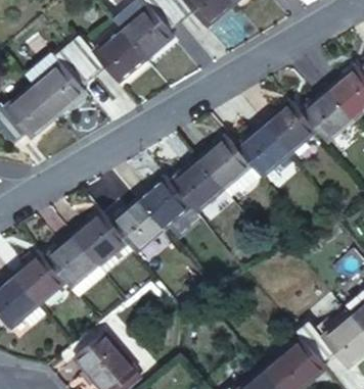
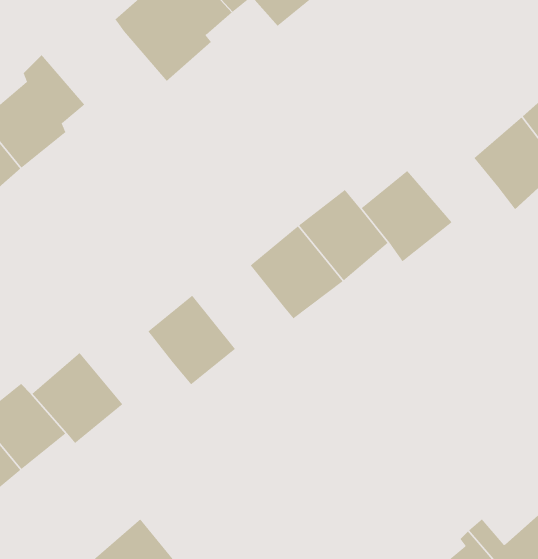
building: [52,42,126,95] -> none
building: [268,102,321,154] -> none
building: [141,174,195,229] -> none
building: [75,207,129,261] -> none

